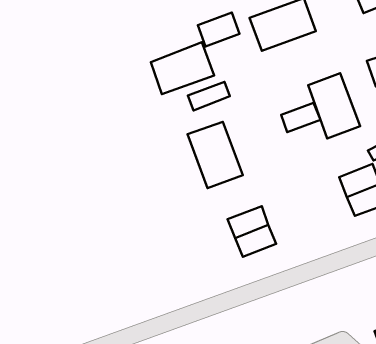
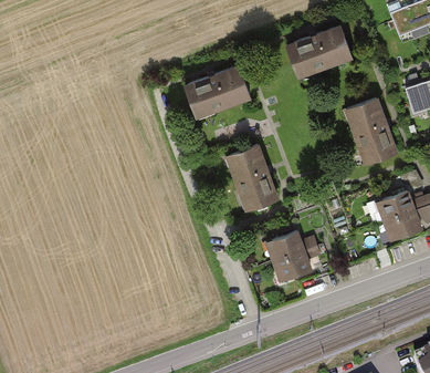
building: [198,13,239,46] -> none
building: [188,82,230,111] -> none
building: [281,103,320,132] -> none

